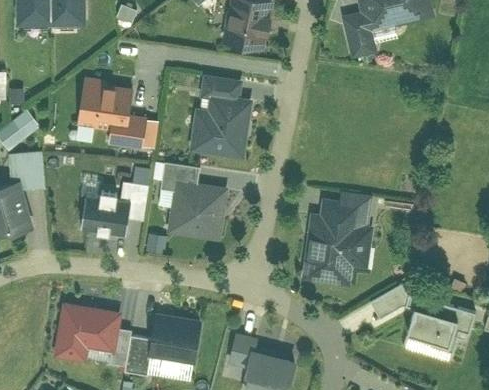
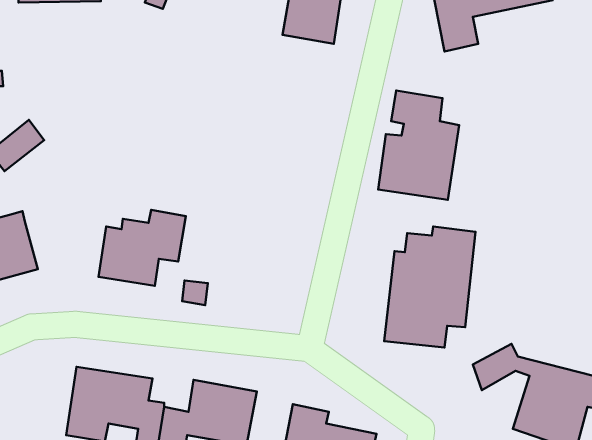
building: [190,74,253,159] -> [378,90,459,200]
building: [76,79,157,150] -> none
building: [9,152,44,190] -> none
building: [151,162,227,243] -> none

